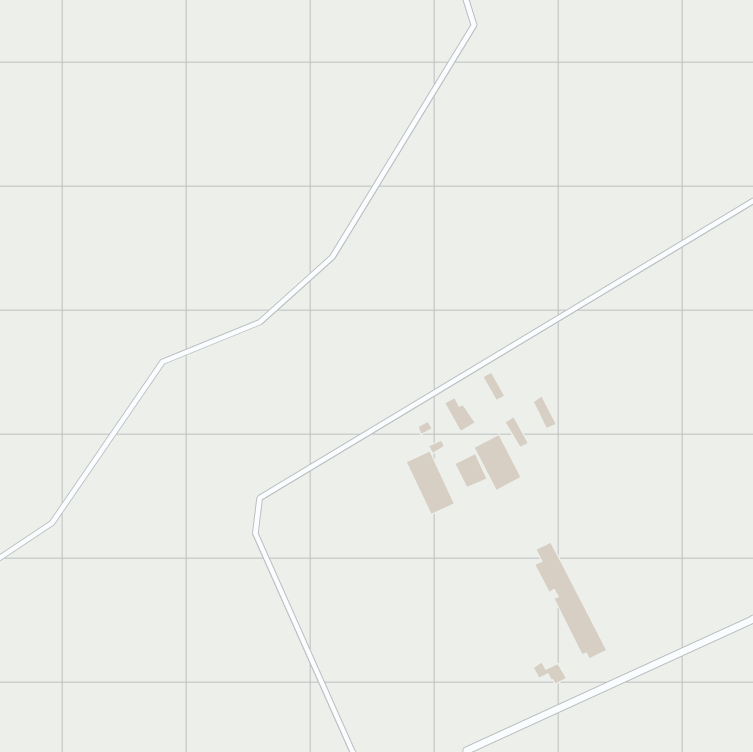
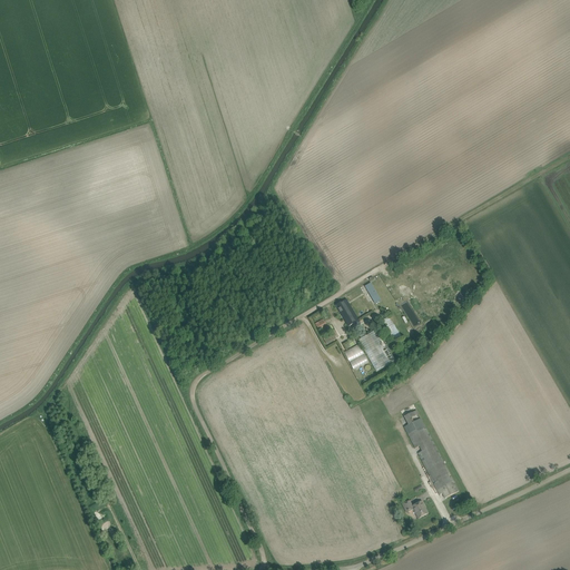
building: [406,451,455,514] -> none

